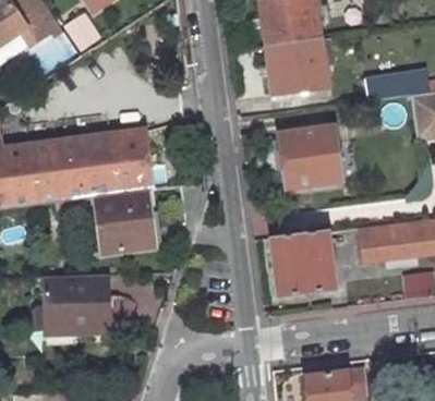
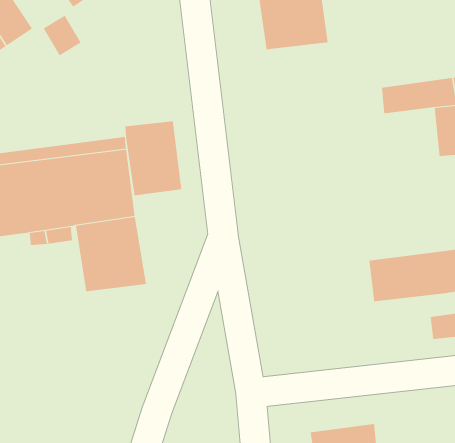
building: [265,38,327,94] -> none
building: none -> [125,121,182,196]
building: [269,127,337,189] -> none
building: [270,231,335,297] -> none
building: [45,276,110,331] -> none

